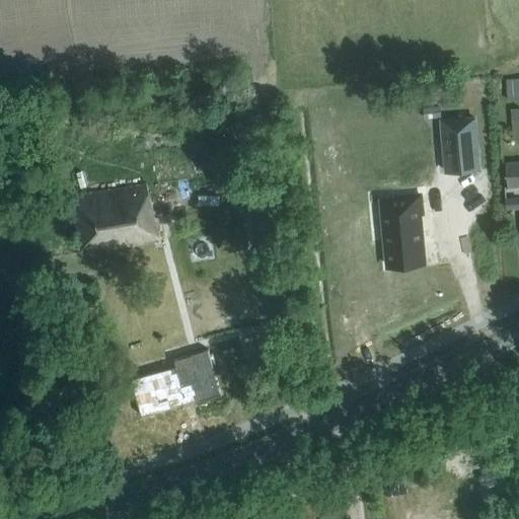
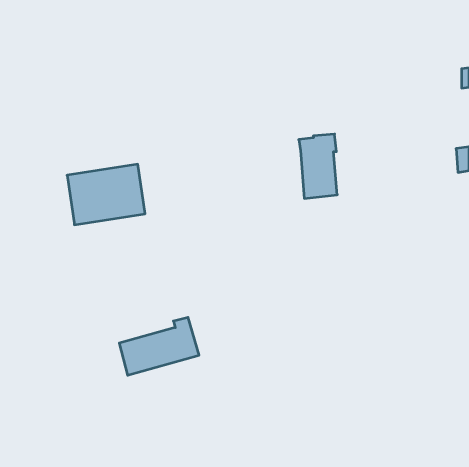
building: [443,118,480,171] -> none
building: [381,197,424,268] -> [299,134,337,198]

